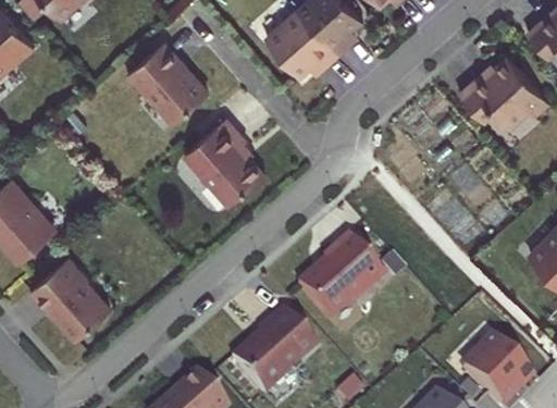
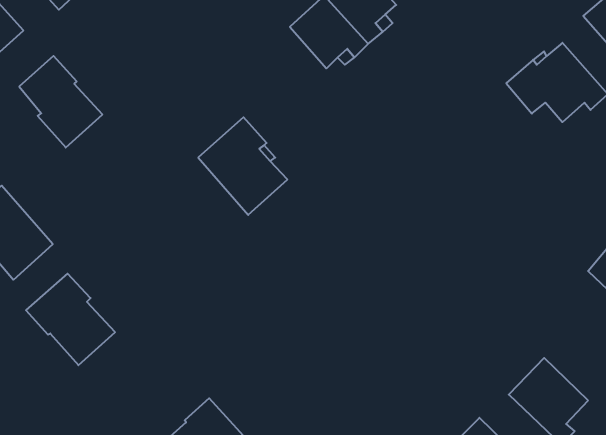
building: [135,41,209,123] -> [19,56,102,148]
building: [299,236,385,320] -> none
building: [232,308,318,394] -> none

